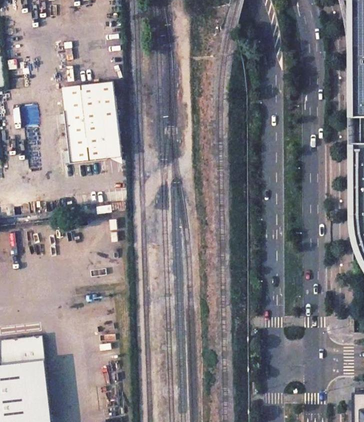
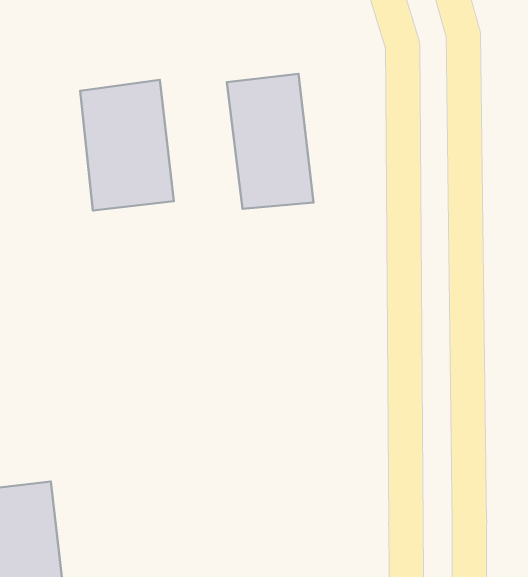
building: none -> [227,74,314,209]

